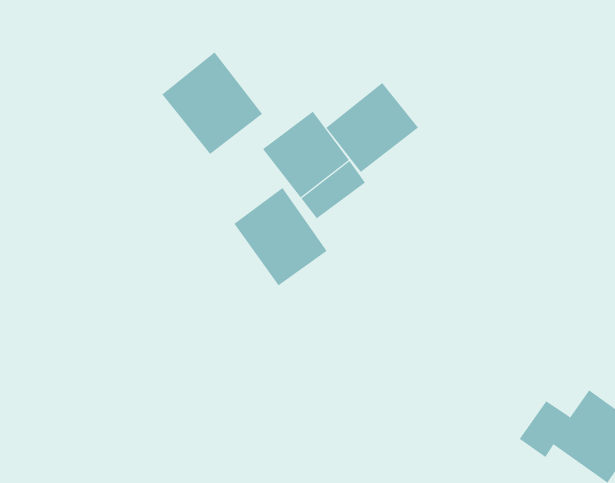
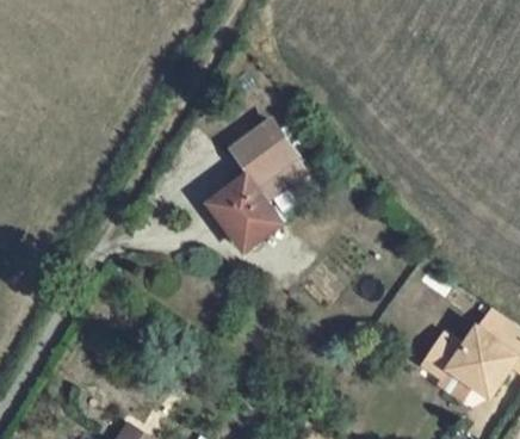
building: [162,52,263,155] -> none
building: [326,82,419,173] -> none

